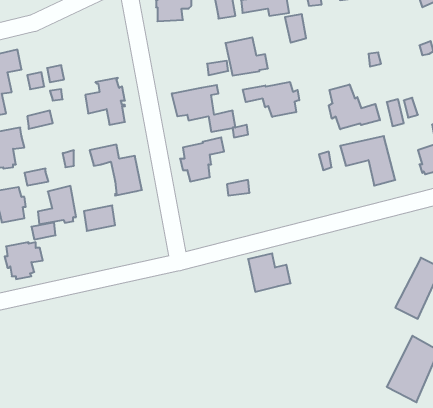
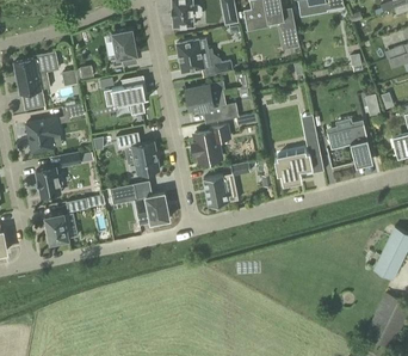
building: none -> [111,29,137,68]
building: [225,37,268,76] -> [177,39,212,72]
building: [243,82,299,117] -> none
building: [329,84,380,129] -> none
building: none -> [274,153,313,184]
building: [38,186,76,224] -> [137,192,169,225]
building: [248,253,291,292] -> [203,174,239,207]

